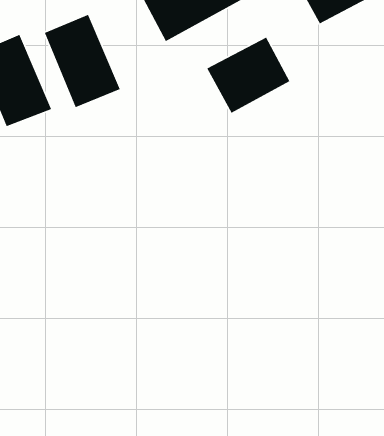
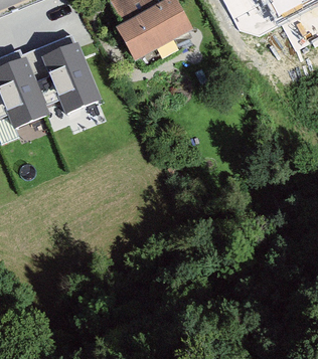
building: [206,36,291,114] -> none

